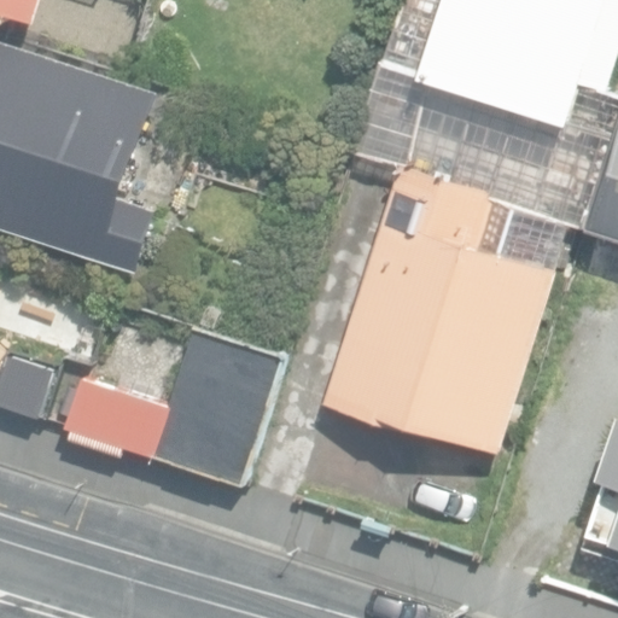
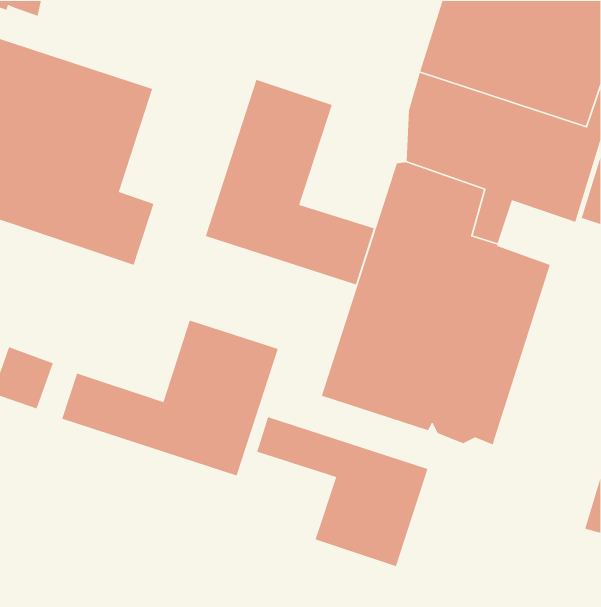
building: none -> [205,79,375,286]
building: none -> [256,416,429,567]

